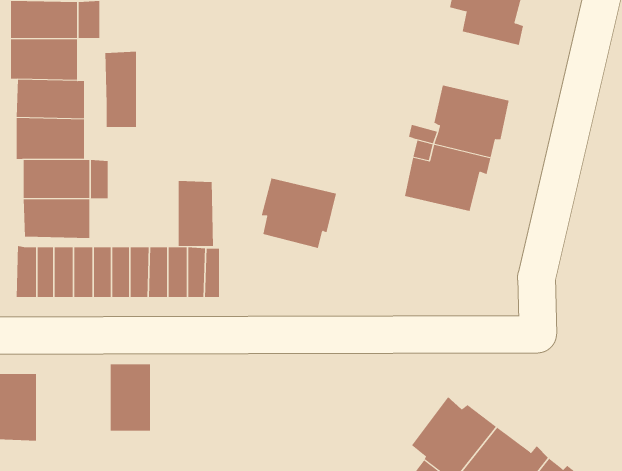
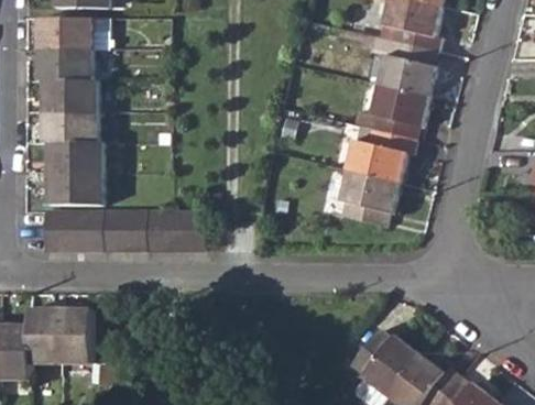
building: none -> [371,37,436,96]
building: [105,51,137,128] -> none
building: [261,178,337,248] -> [338,171,397,226]
building: [178,180,213,247] -> none
building: [110,364,151,431] -> [58,309,90,362]

